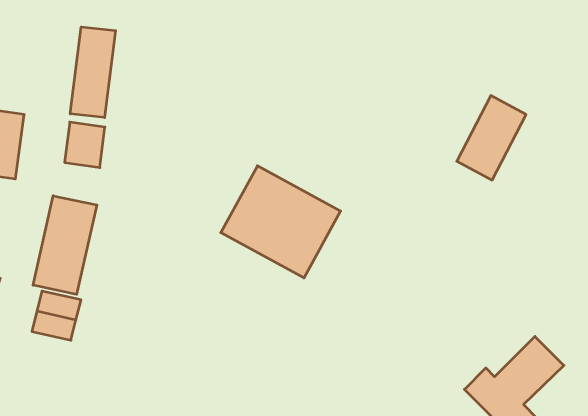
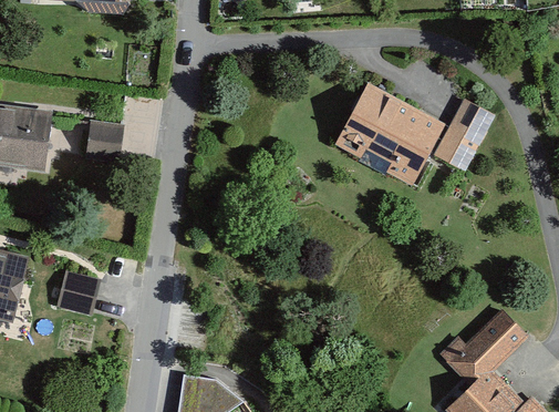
building: [70,27,116,118] -> none
building: [221,166,341,278] -> [337,87,442,186]
building: [33,196,97,294] -> none

